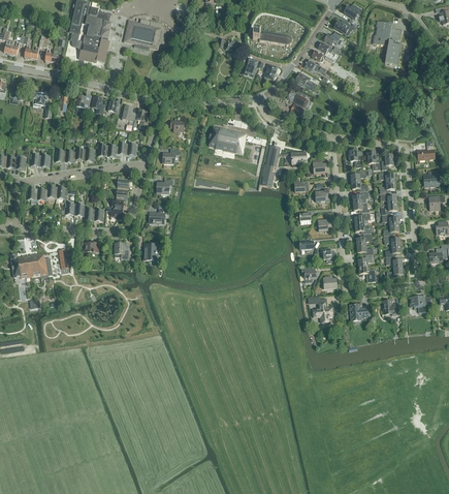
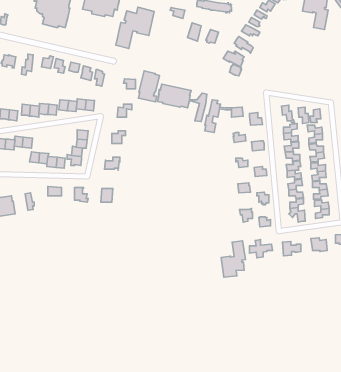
building: none -> [116,7,154,48]
building: none -> [138,71,160,102]
building: none -> [221,241,245,277]

